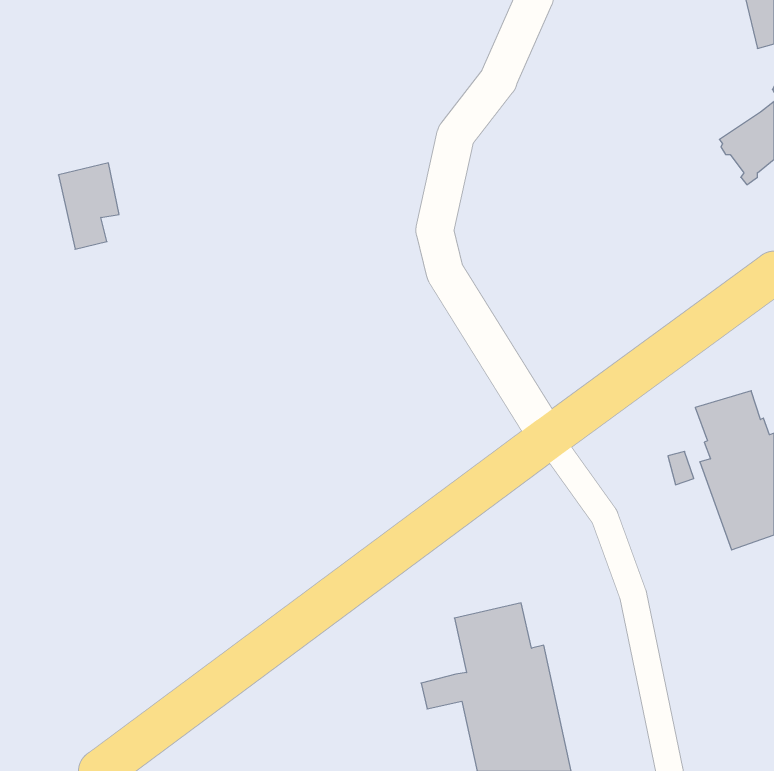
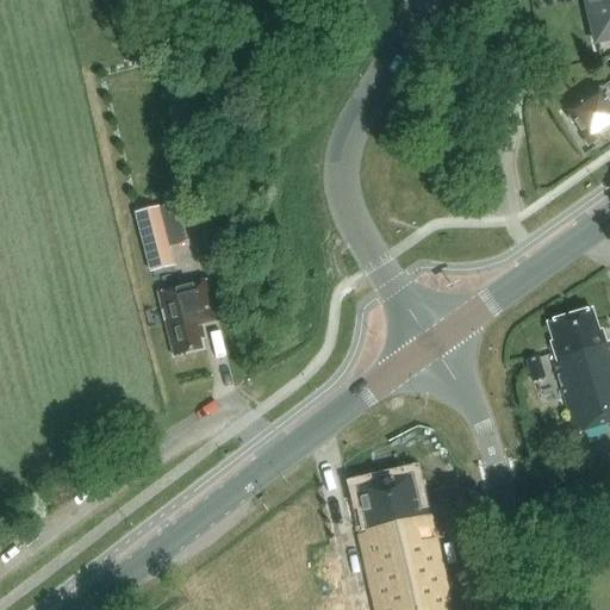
building: [58,163,119,249] -> [136,201,183,269]
building: none -> [157,279,219,354]

